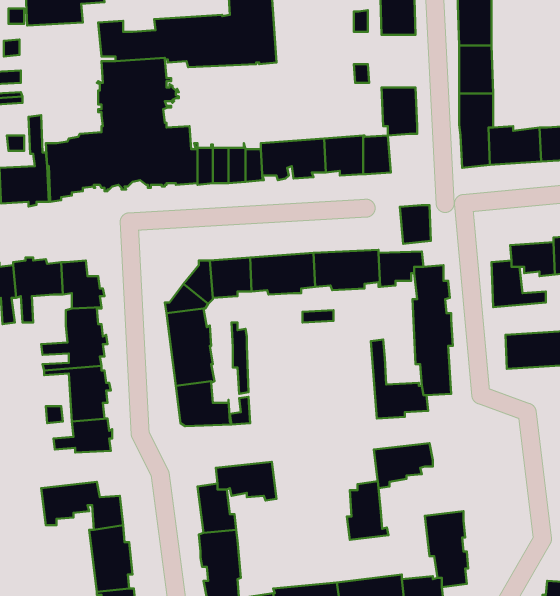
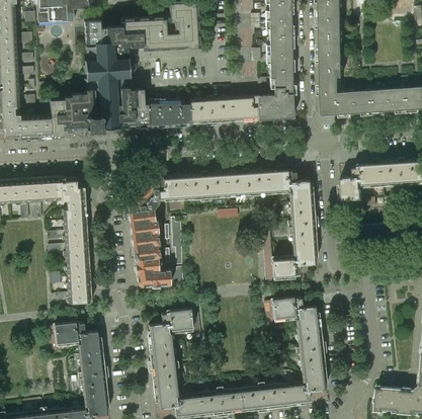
building: none -> [268,29,290,64]
building: [400,205,431,244] -> [272,94,292,119]
building: [347,481,389,540] -> [294,306,322,344]

